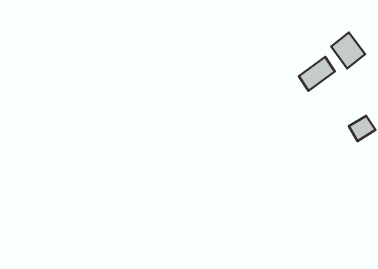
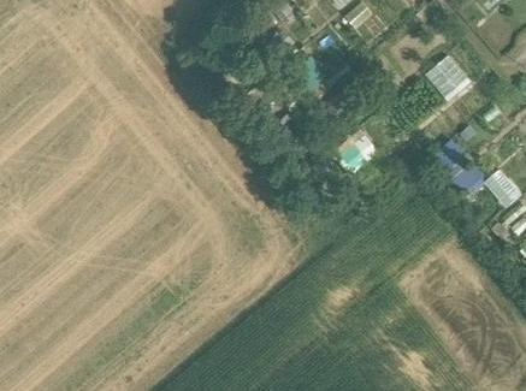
building: [299,57,335,91] -> none

